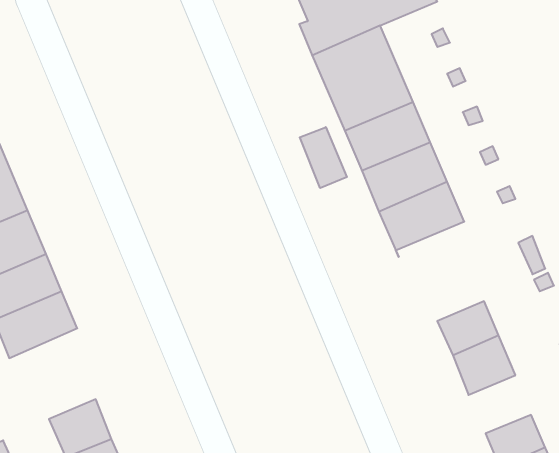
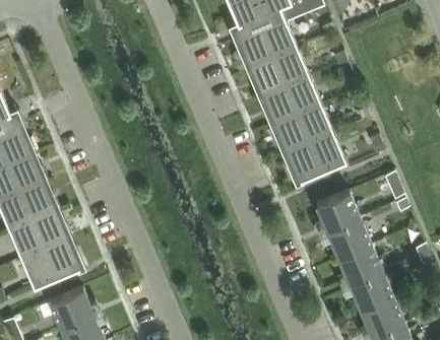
building: [300,127,347,188] -> none
building: none -> [316,192,361,233]
building: none -> [21,239,84,288]
building: none -> [350,272,394,314]

